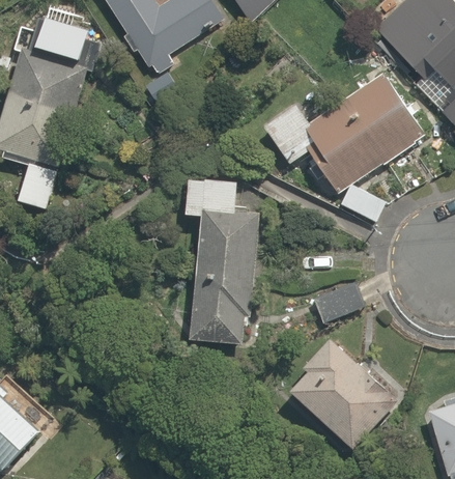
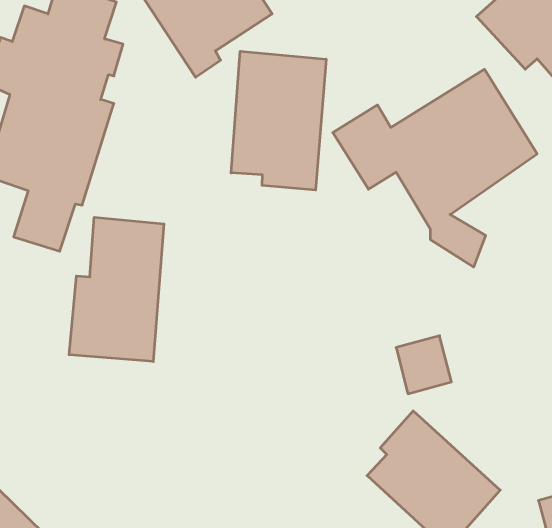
building: none -> [231,51,326,190]
building: [191,184,262,353] -> none
building: none -> [69,217,164,362]

